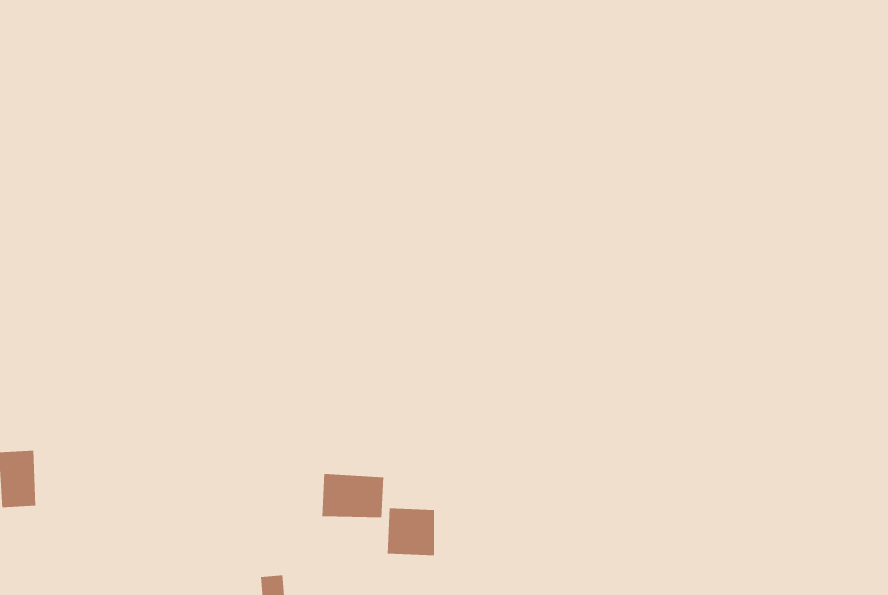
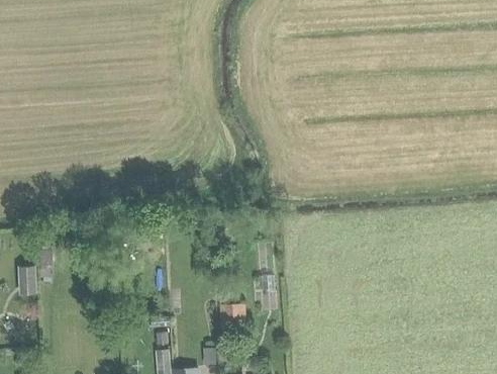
building: [322,473,384,518] -> none

